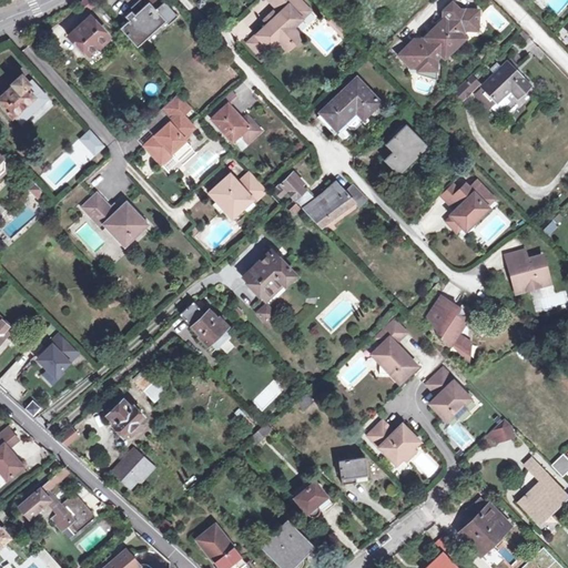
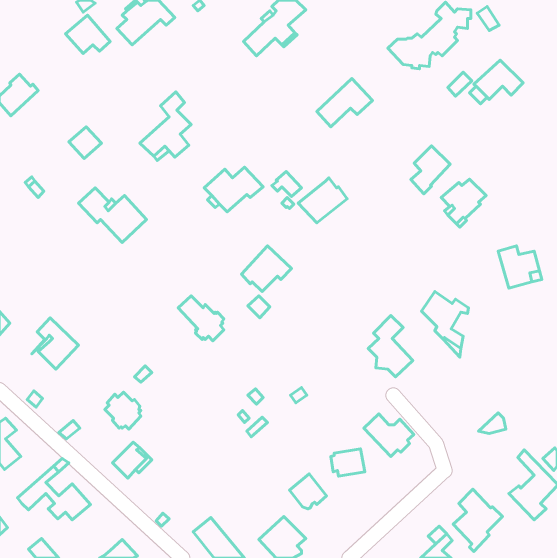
building: [212,90,262,142] -> none
building: [384,124,424,173] -> [411,146,450,194]
building: [428,371,471,422] -> none

